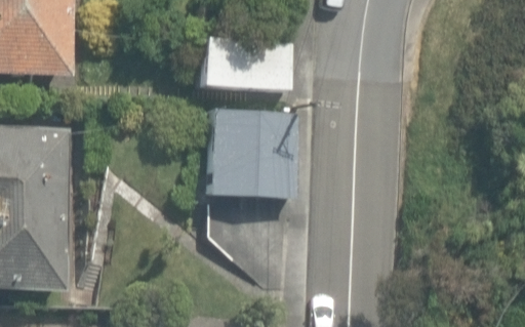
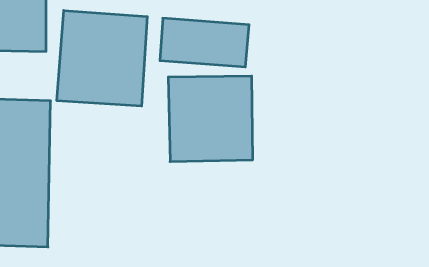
building: none -> [57,10,147,106]

